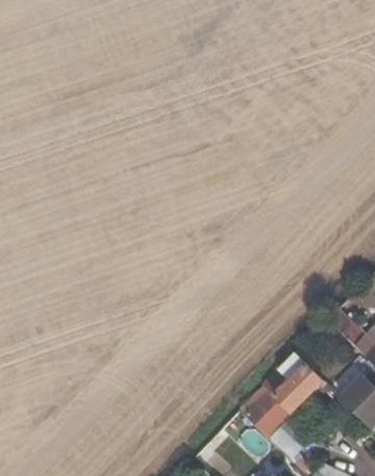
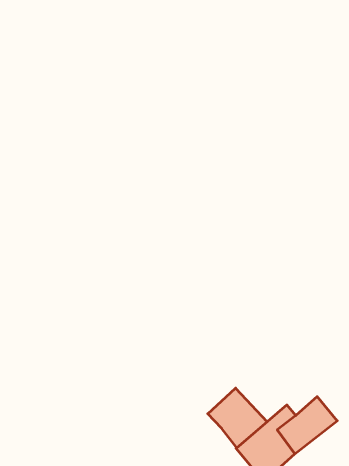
building: none -> [208,388,267,448]

